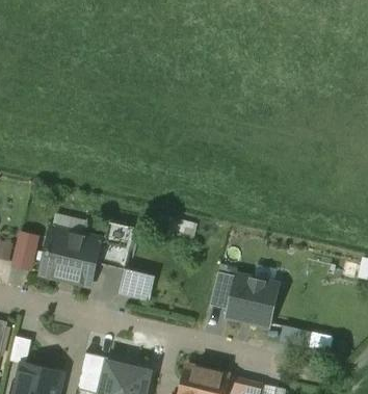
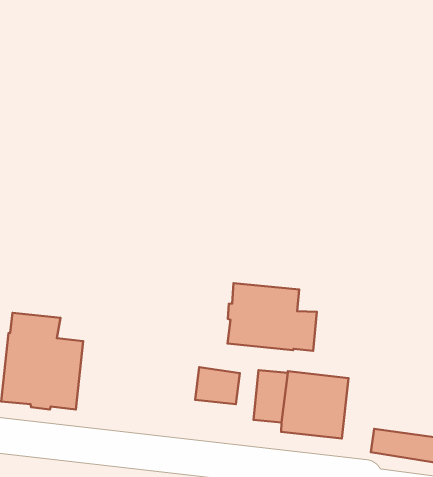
building: none -> [228,283,317,351]
building: [120,272,152,300] -> [195,367,240,404]

